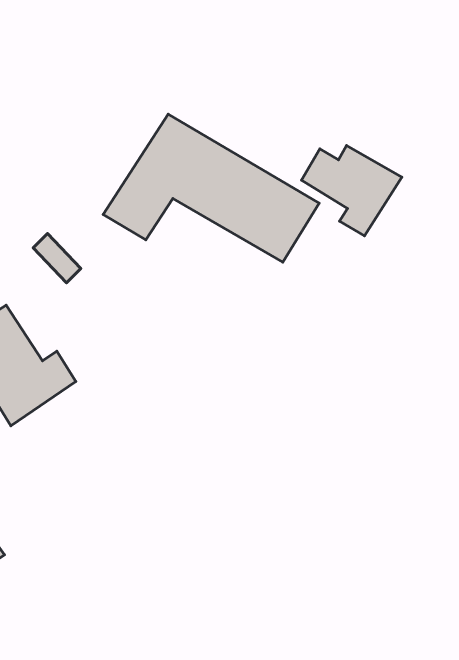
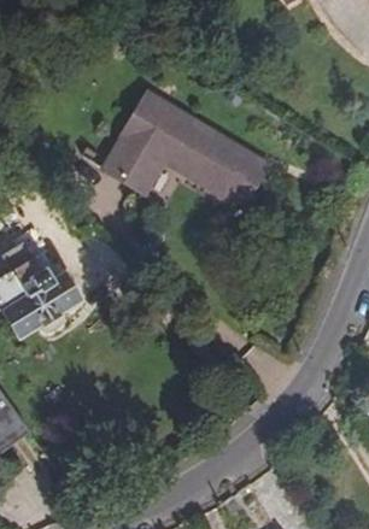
building: [301,145,402,236] -> none

